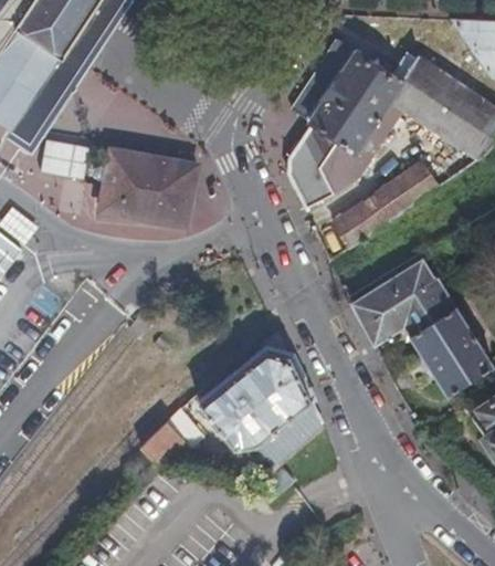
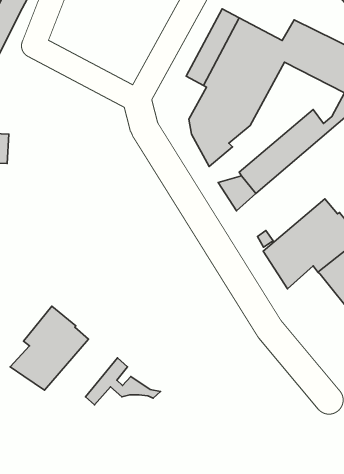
building: [105,146,207,226] -> none
building: none -> [10,306,89,390]
building: [201,350,323,467] -> none

